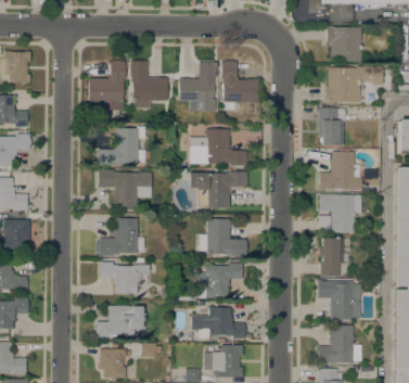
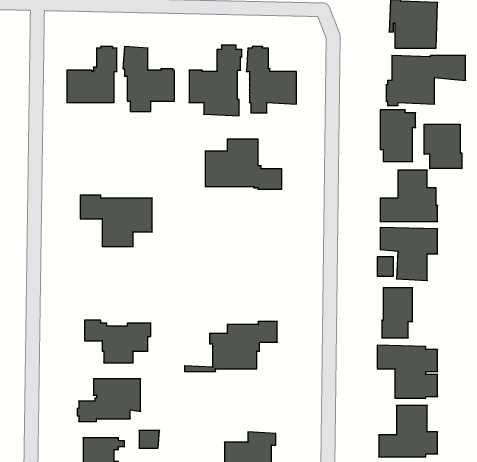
building: none -> [424,124,462,169]
building: [98,126,146,164] -> none
building: [189,170,248,207] -> none
building: [97,217,145,256] -> none
building: [200,218,247,256] -> none
building: [193,306,246,337] -> none

